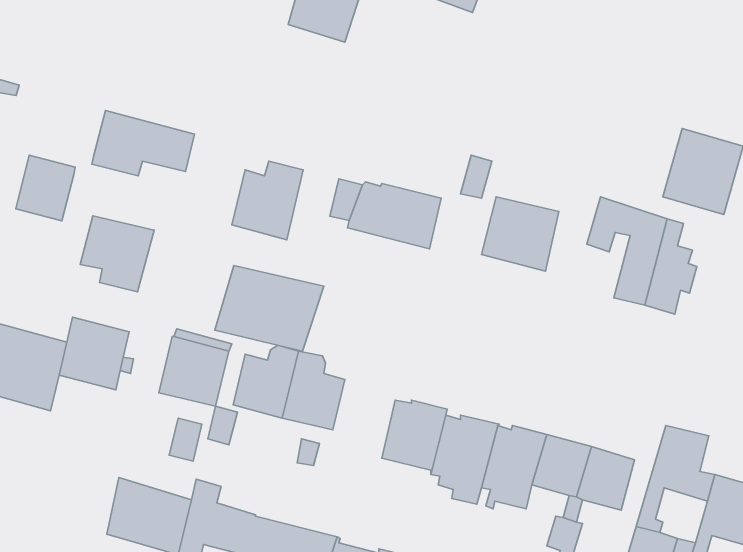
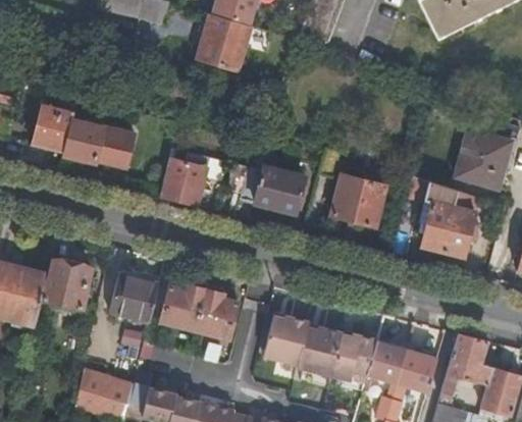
building: [16,155,75,221] -> [34,104,74,149]
building: [80,216,154,292] -> none
building: [215,265,324,351] -> none

